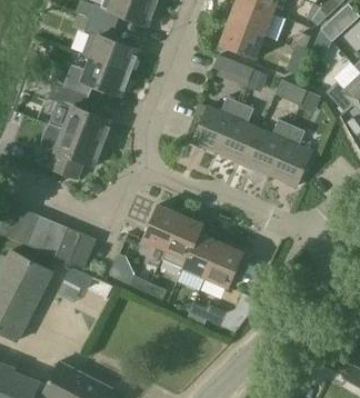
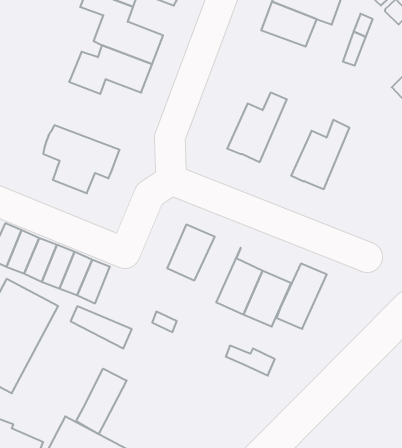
building: [212,54,267,92] -> none
building: [276,80,321,111] -> none
building: [48,84,112,143] -> none
building: [218,102,260,165] -> none
building: [270,126,311,187] -> none
building: [161,215,202,268] -> [276,264,327,329]
building: none -> [76,369,127,434]

